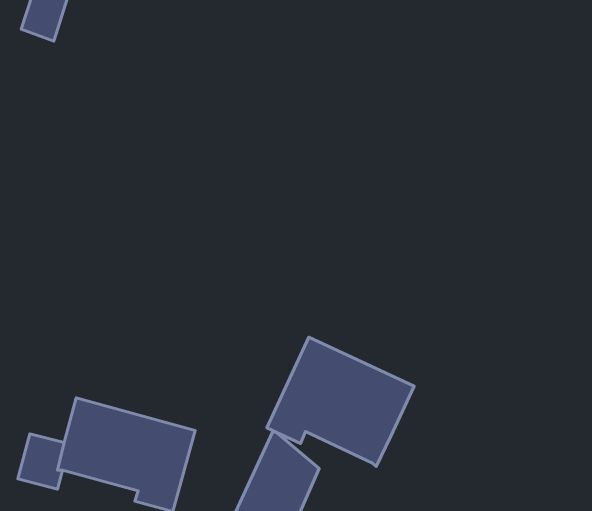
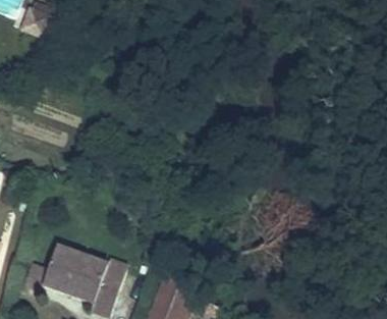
building: [267,337,414,466] -> none

